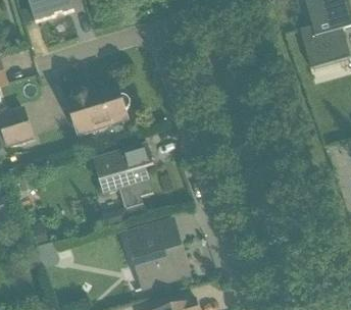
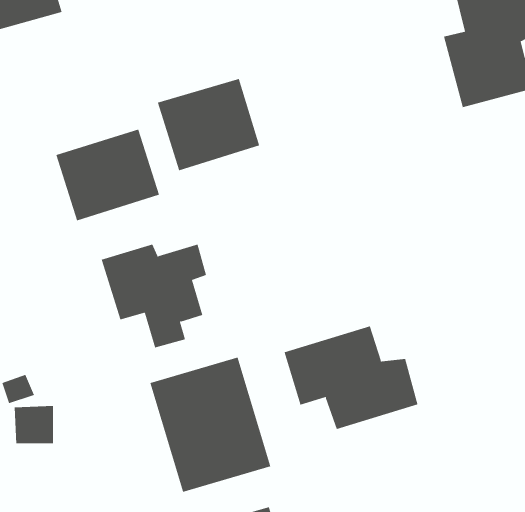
building: none -> [157,78,260,171]
building: none -> [284,326,418,430]

